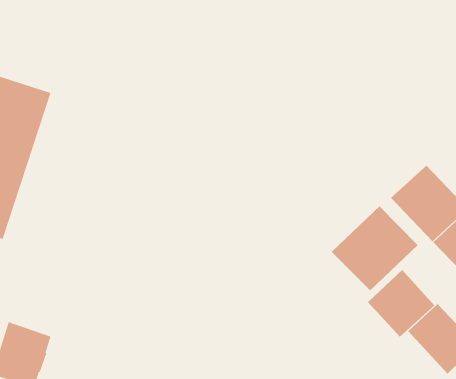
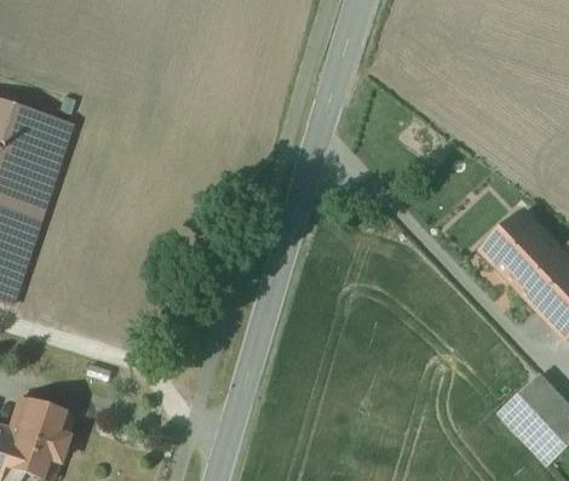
building: [331,206,419,291] -> none
building: [367,269,435,337] -> none

